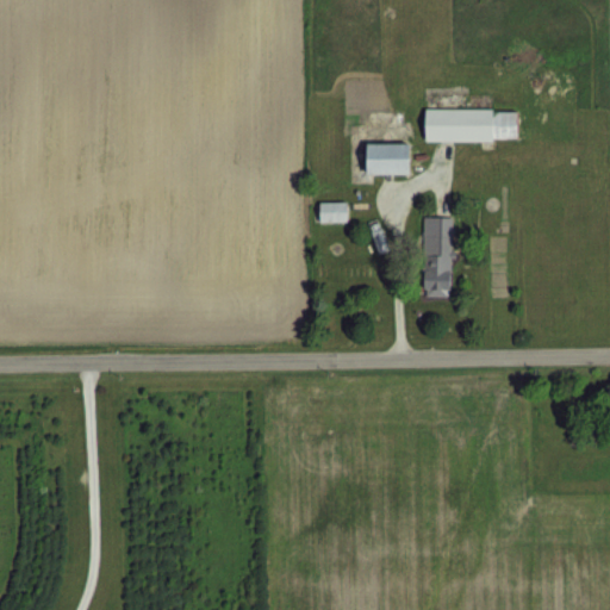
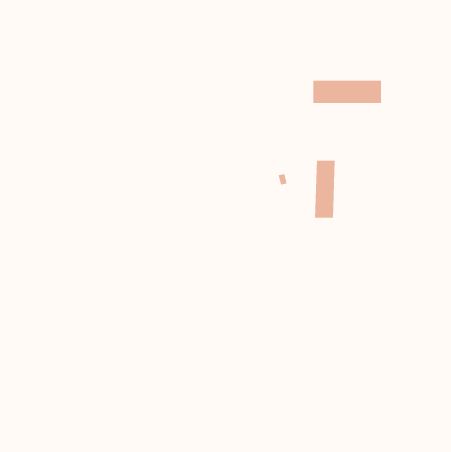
building: [361,143,407,174] -> none
building: [318,201,348,223] -> none

